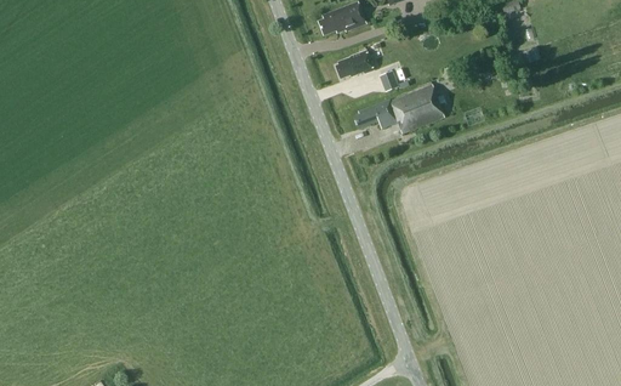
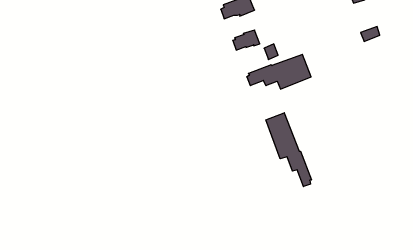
building: none -> [266,113,311,187]

